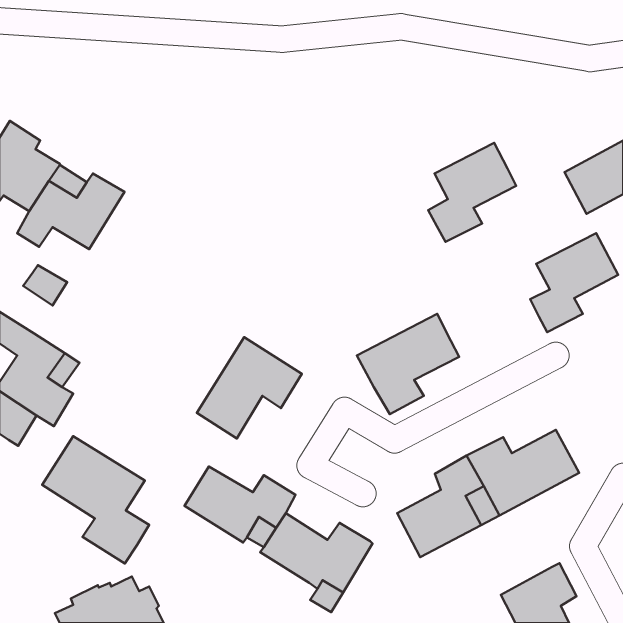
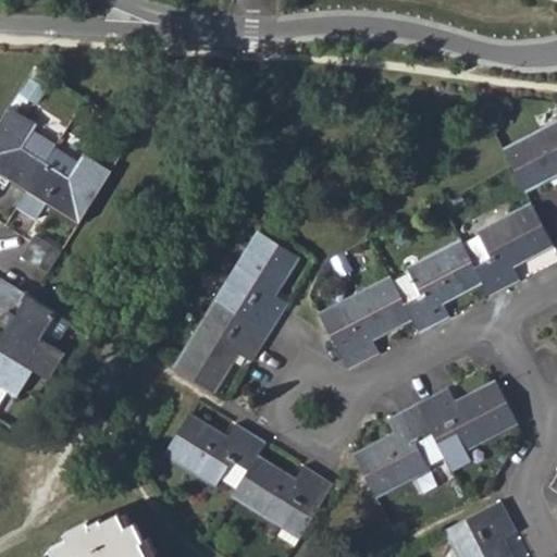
building: [428,143,516,242] -> [401,244,480,332]
building: none -> [218,234,295,333]
building: [42,436,149,563] -> none

